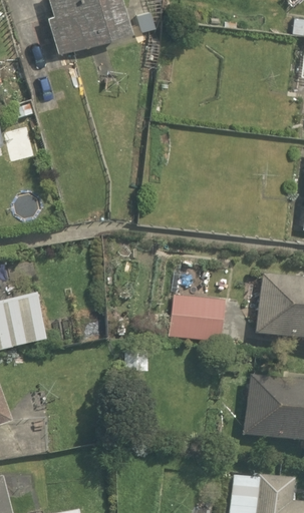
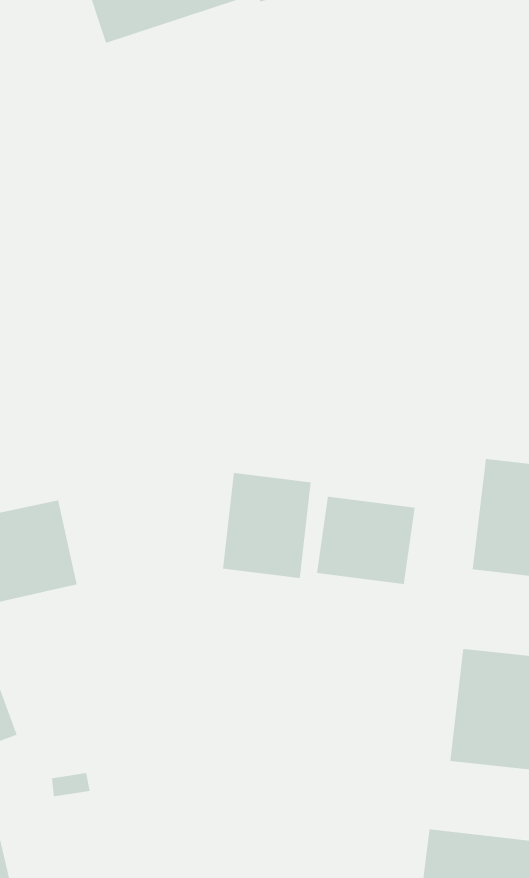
building: none -> [223,472,311,579]

